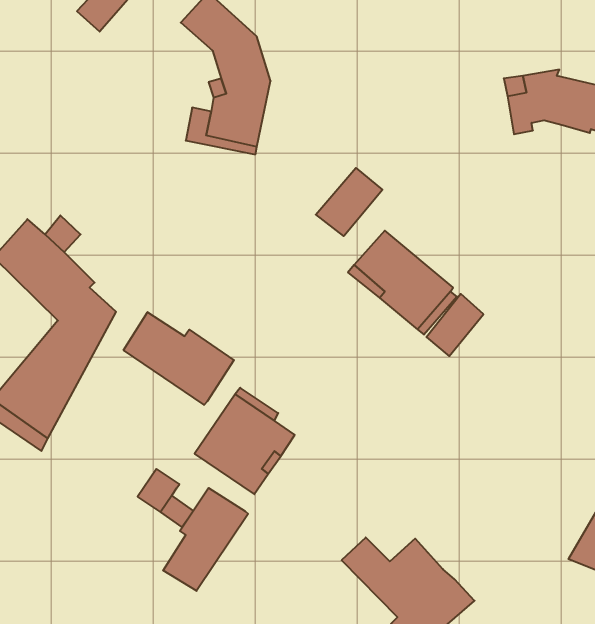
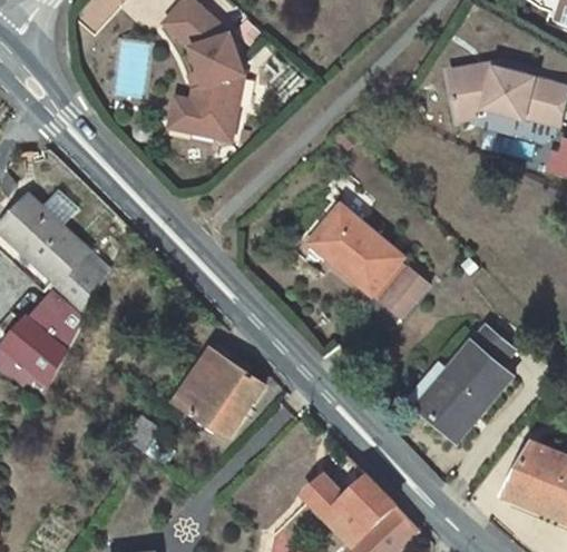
building: [316,168,382,236] -> none
building: [124,312,234,405] -> none
building: none -> [409,326,510,438]
building: [163,488,248,591] -> none

